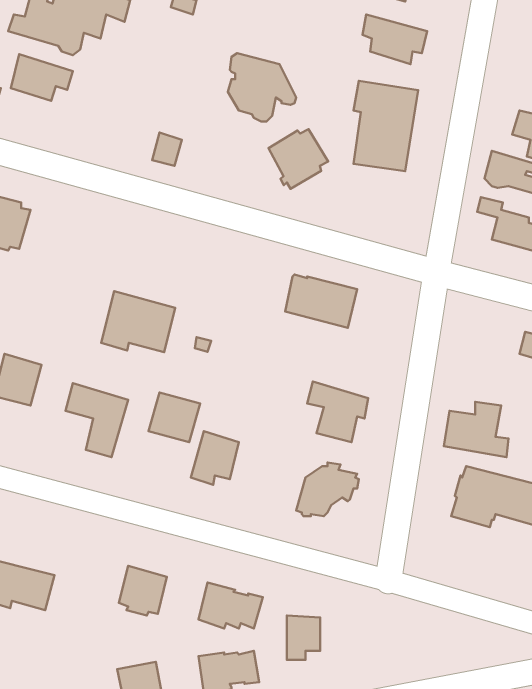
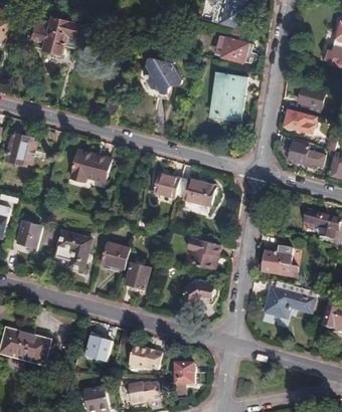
building: [11,54,73,101] -> none
building: [269,129,328,189] -> none
building: none -> [153,172,179,197]
building: [101,291,175,352] -> [75,149,116,182]

